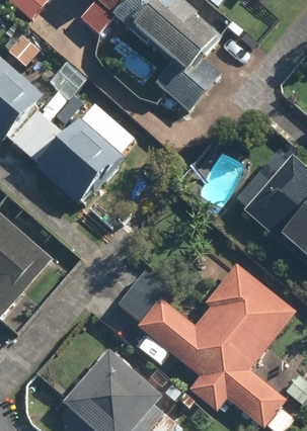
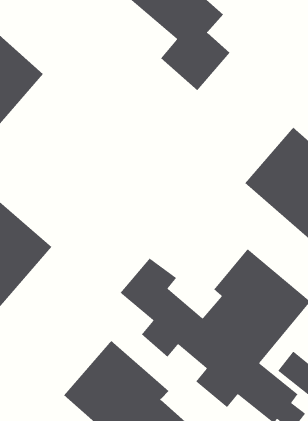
building: [9,103,124,203] -> none

